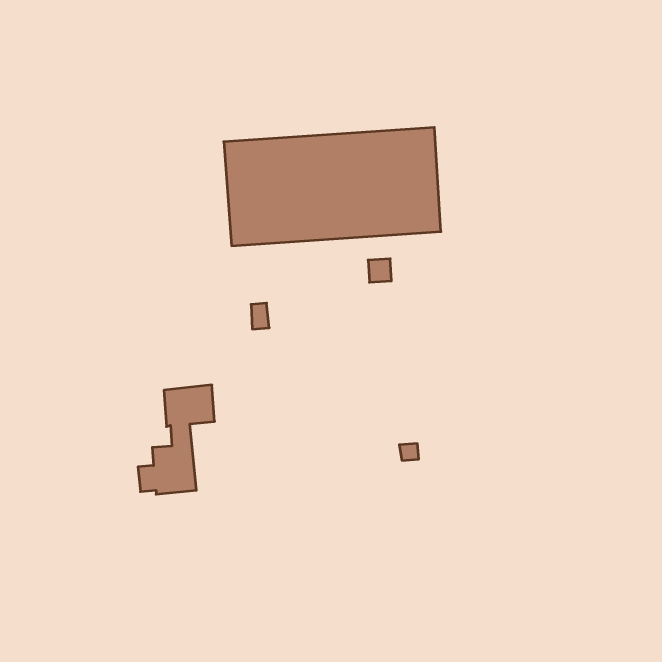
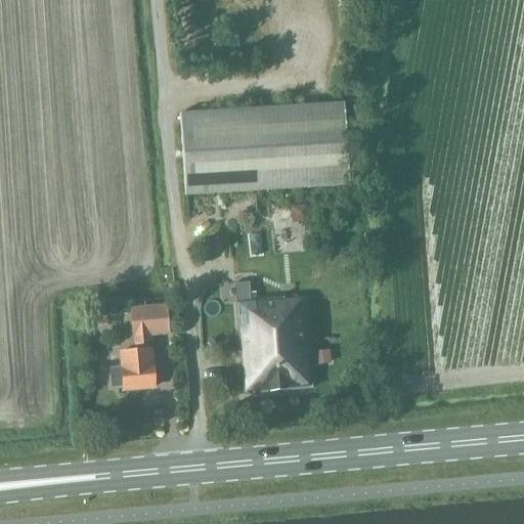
building: none -> [236,291,312,391]

